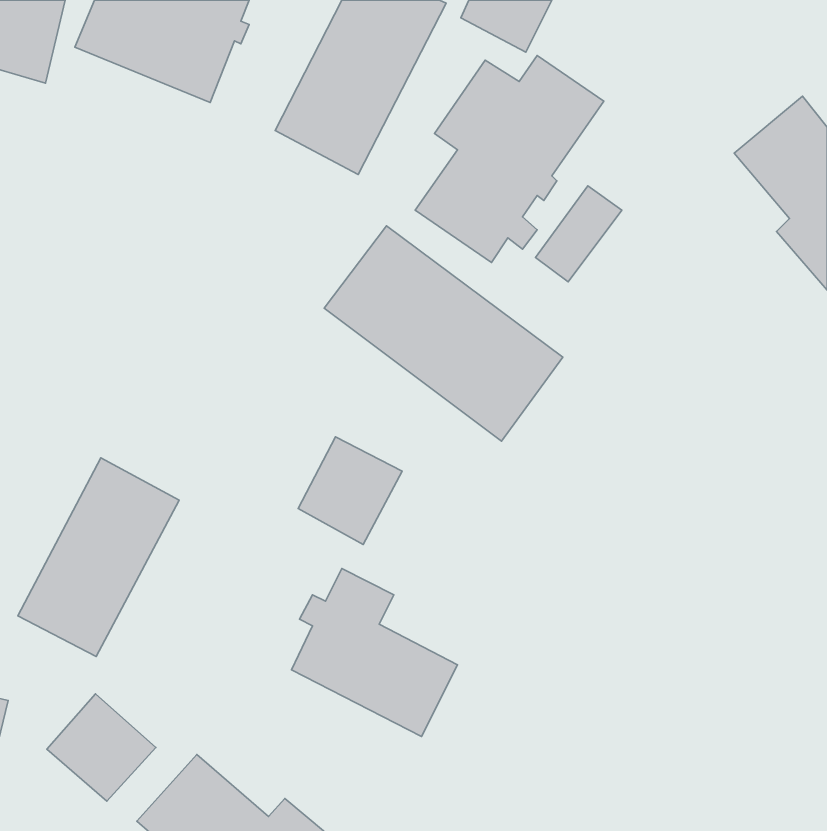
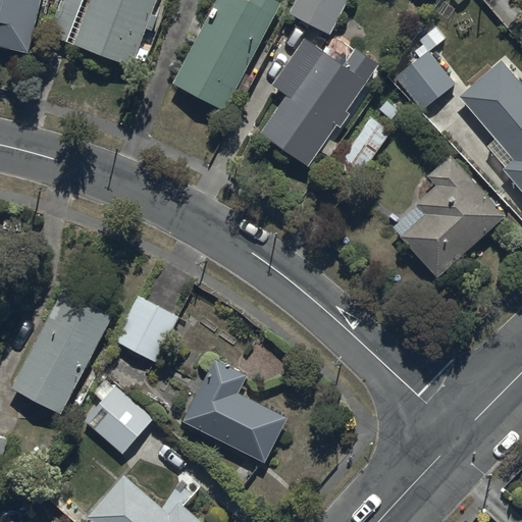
building: none -> [394,27,455,111]
building: [324,226,563,441] -> none
building: none -> [392,155,507,277]
building: [298,437,402,544] -> [113,295,178,362]
building: [47,694,156,801] -> [83,385,151,453]

